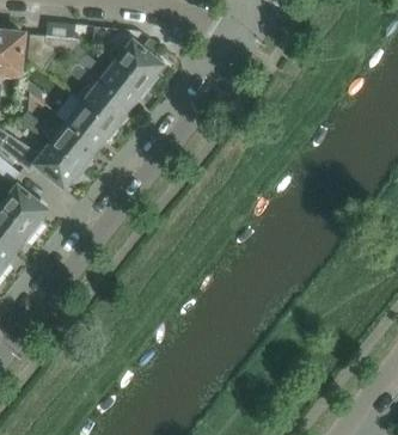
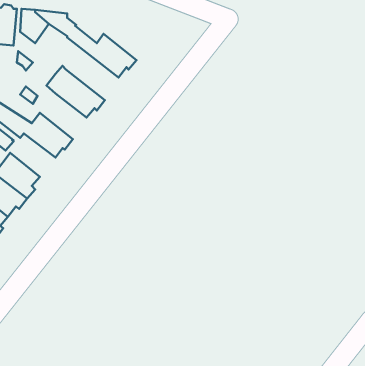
building: [115,41,164,88] -> none
building: [69,65,130,130] -> none
building: [48,123,97,171] -> none

